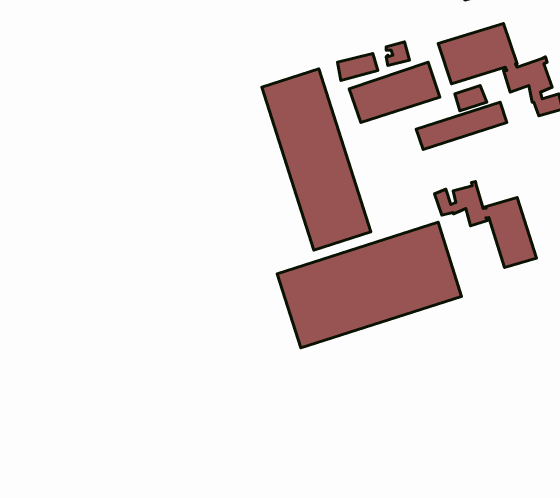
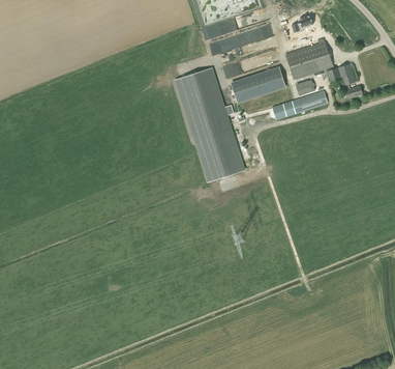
building: [435,181,537,267] -> none
building: [277,222,461,348] -> none

